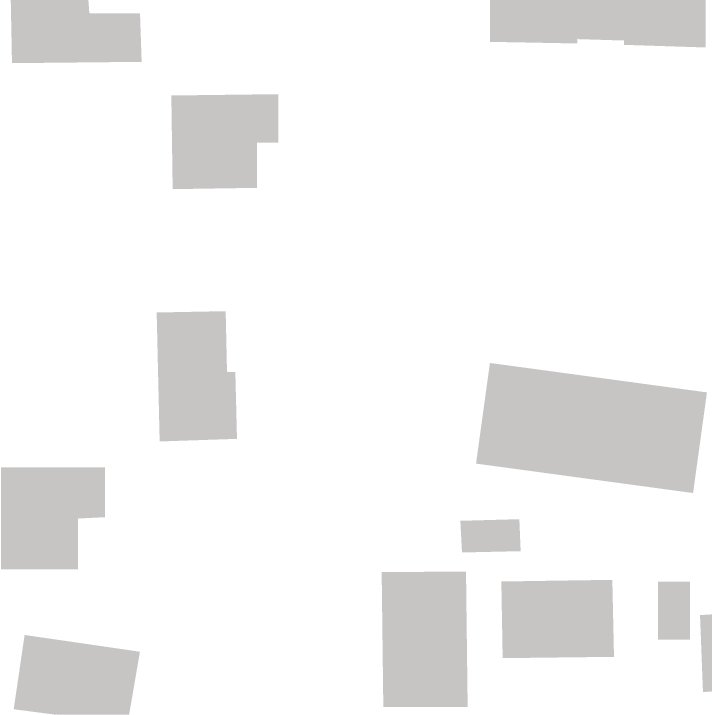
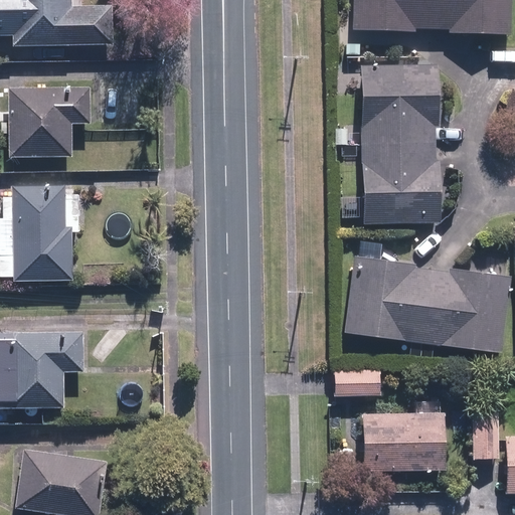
building: none -> [363,65,439,223]
building: [170,94,279,190] -> [10,88,88,156]
building: [156,311,238,442] -> [14,186,72,280]
building: [381,571,468,708] -> none

